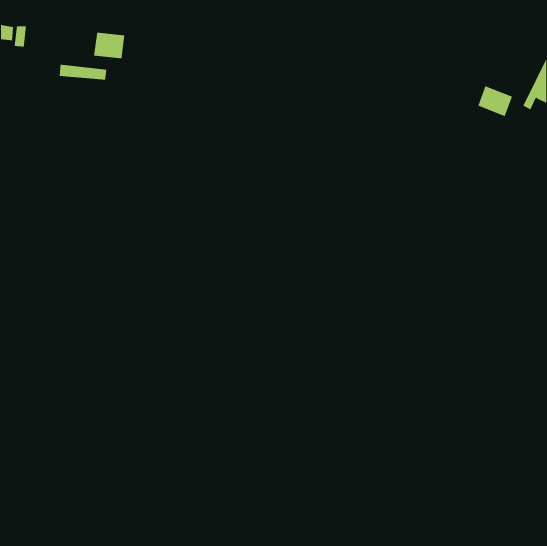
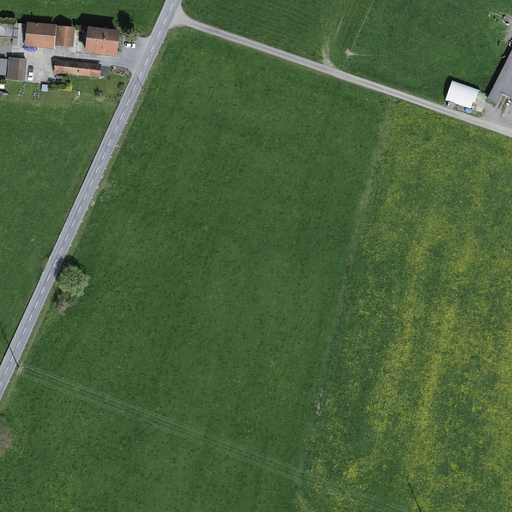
building: none -> [27,25,73,46]
building: none -> [7,57,26,80]

